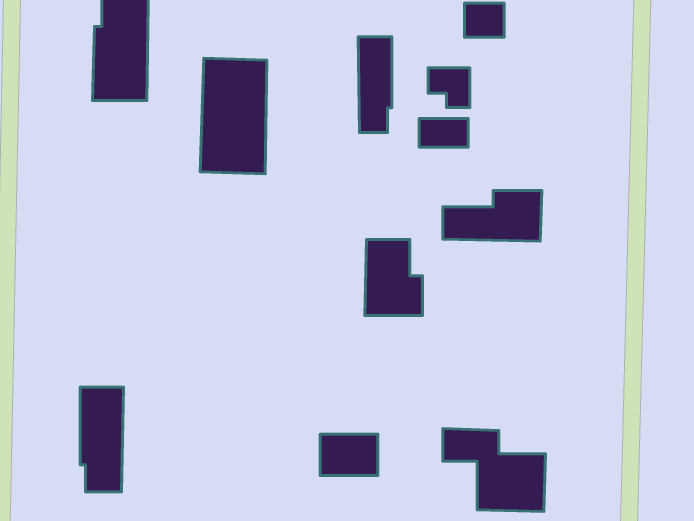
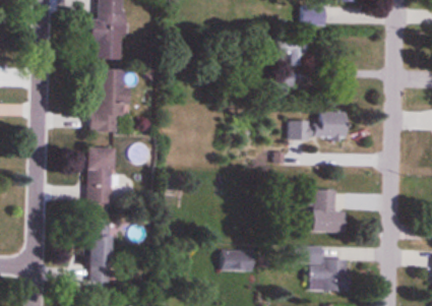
building: [358,37,392,133] -> none
building: [200,58,267,174] -> [88,68,126,133]
building: [365,240,423,315] -> [310,189,343,232]
building: none -> [86,146,113,202]

